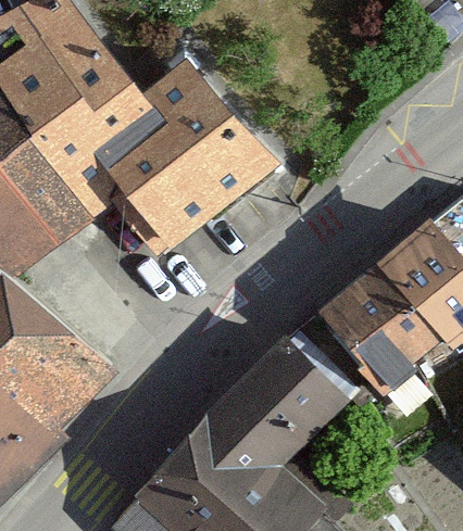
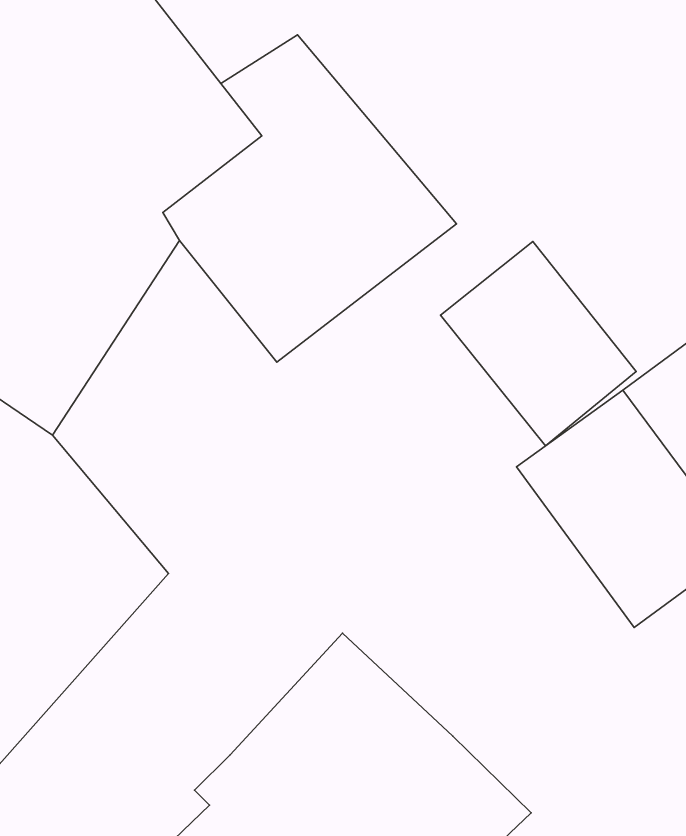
building: none -> [441,242,636,446]
building: [215,330,351,467] -> none

